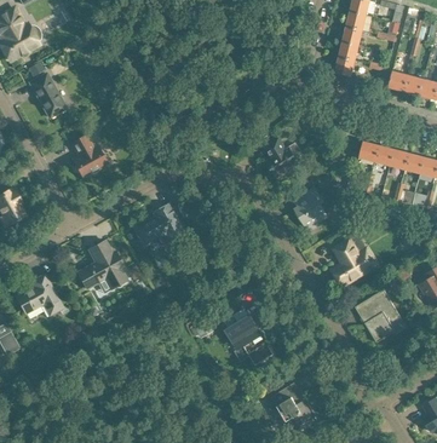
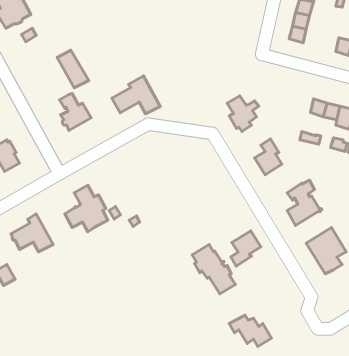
building: [30,73,67,116] -> [57,50,89,88]
building: [136,202,191,246] -> [112,76,160,114]
building: none -> [231,231,261,266]

